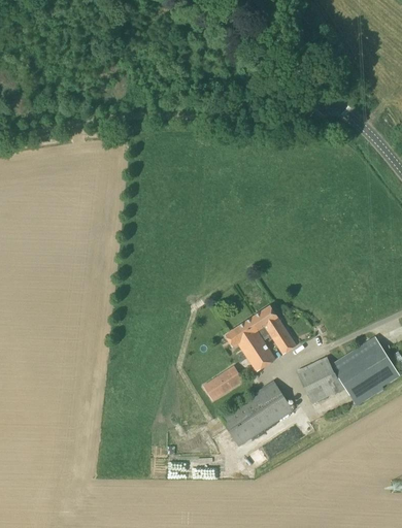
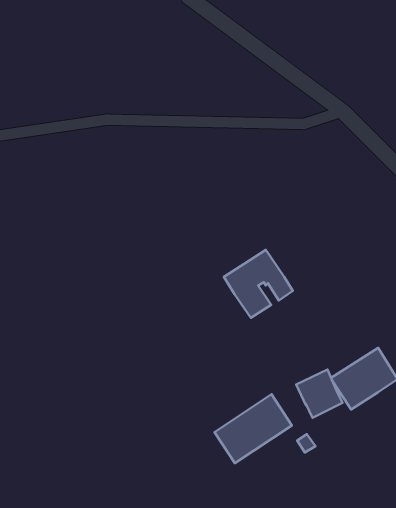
building: [231,306,297,371] -> [224,250,293,318]
building: [203,370,238,401] -> none

